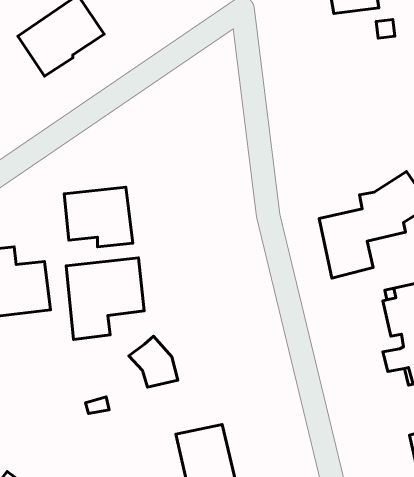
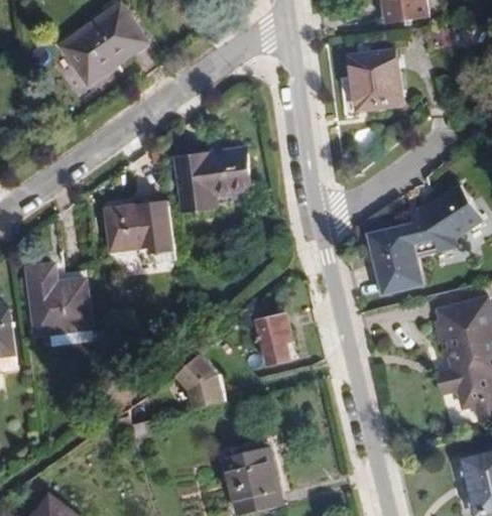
building: none -> [351,51,403,110]
building: none -> [172,146,252,212]
building: [66,258,144,340] -> none
building: none -> [254,312,292,364]

